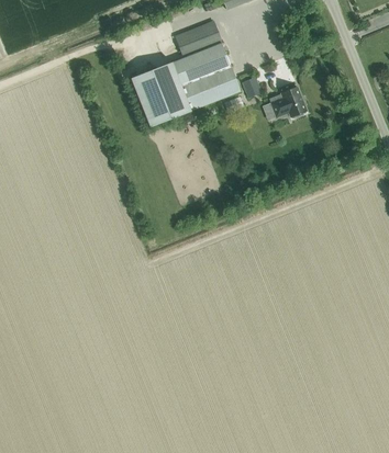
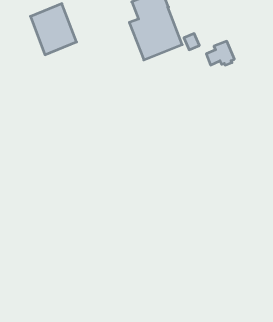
building: [131,60,190,126] -> [30,4,77,55]

